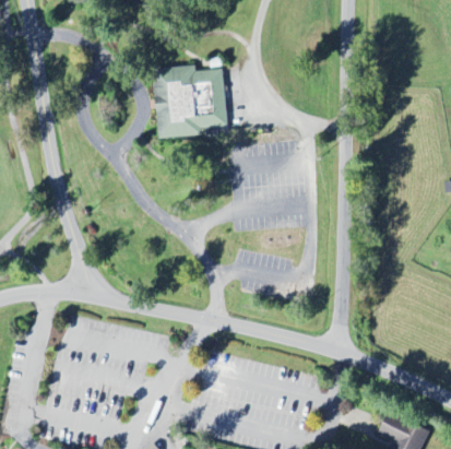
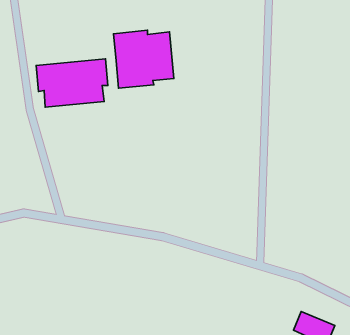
building: none -> [36,59,108,107]

